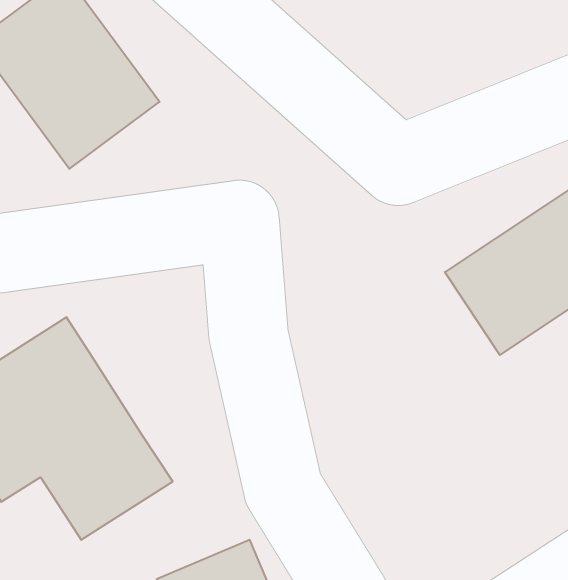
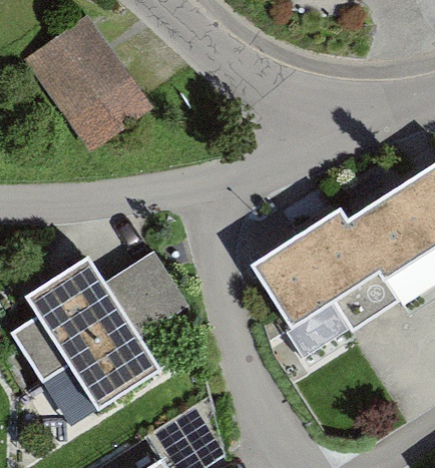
building: none -> [253,211,400,332]
building: none -> [106,252,189,336]

